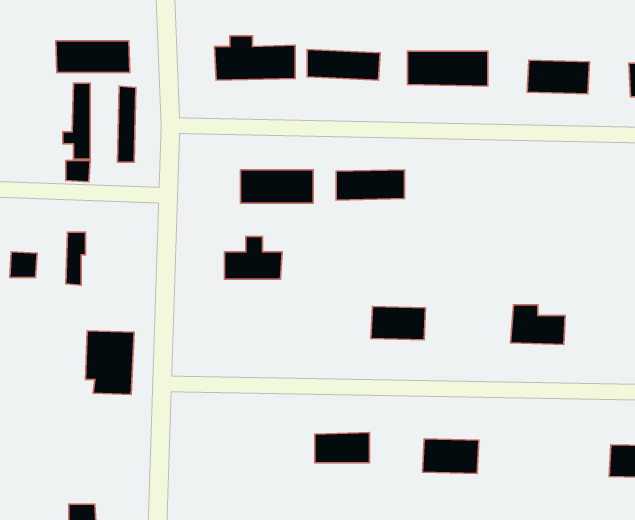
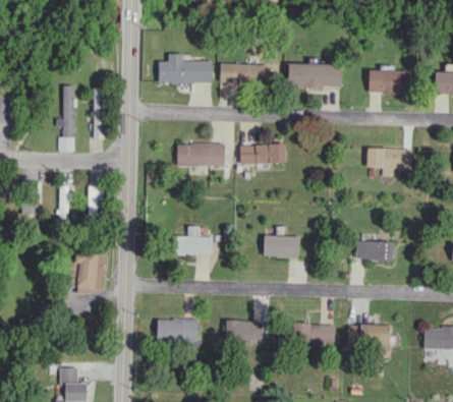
building: [56,41,130,73] -> none
building: none -> [365,148,411,176]
building: none -> [88,186,103,218]
building: [224,237,282,279] -> [173,226,212,254]
building: none -> [156,319,197,341]
building: none -> [347,324,390,351]

